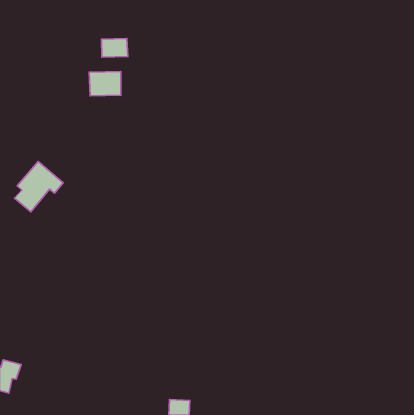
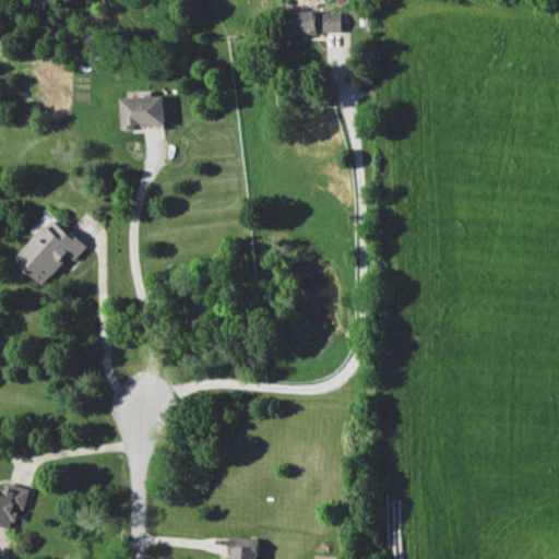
building: none -> [289,5,341,34]
building: [101,38,128,57] -> none

